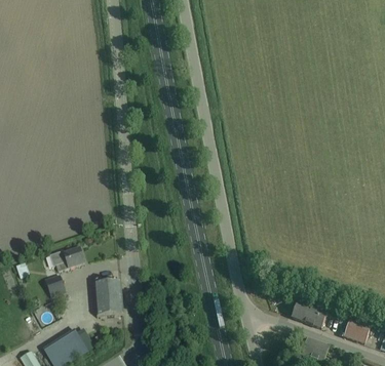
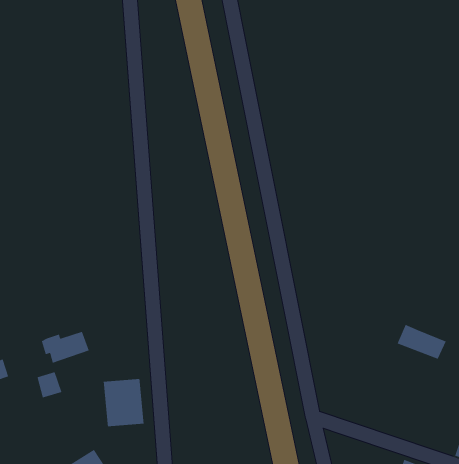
building: [292,301,328,327] -> [396,324,447,360]

